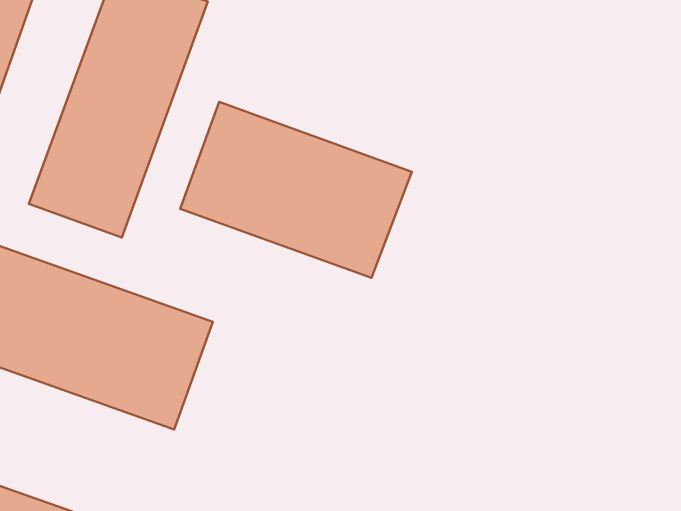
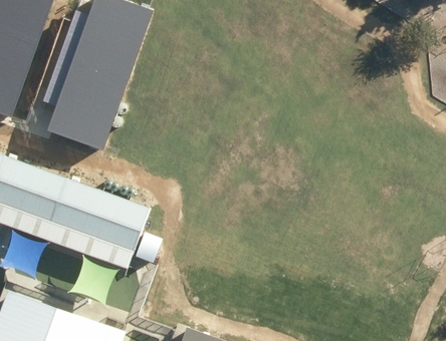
building: [180,102,412,278] -> none

